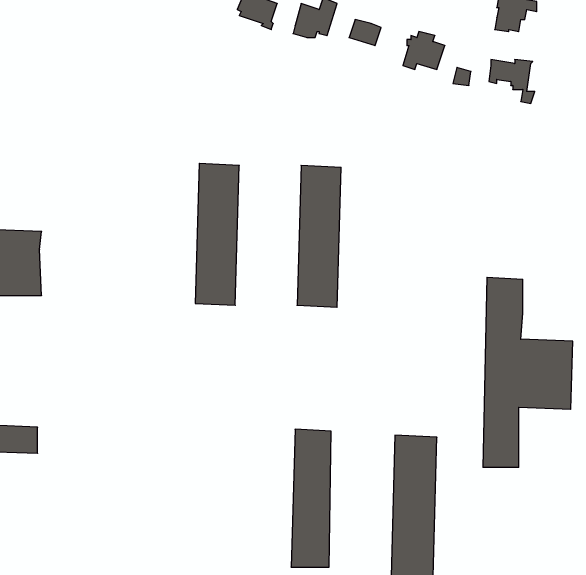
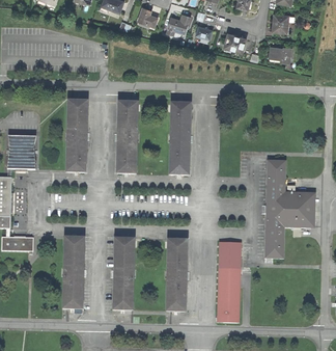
building: none -> [64,100,88,172]
building: none -> [62,237,83,308]
building: none -> [112,238,134,309]

